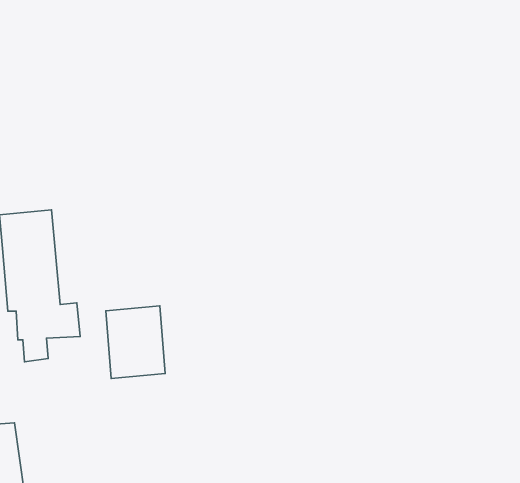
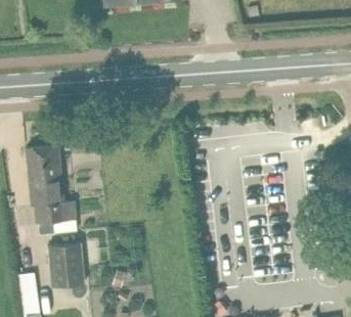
building: [106,306,165,379] -> [48,243,84,287]

